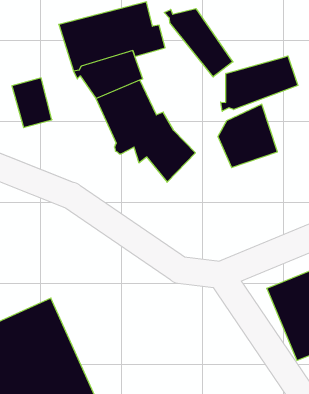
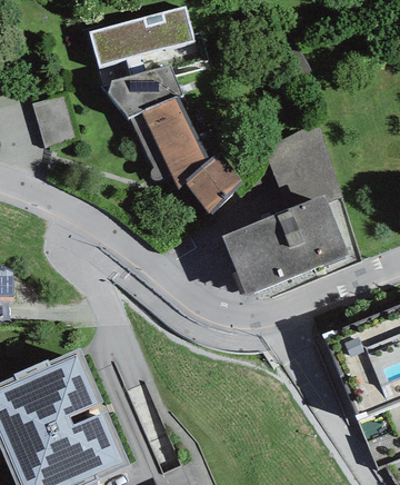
building: [164,9,233,77] -> none
building: [221,56,298,111] -> none
building: none -> [222,195,349,295]

